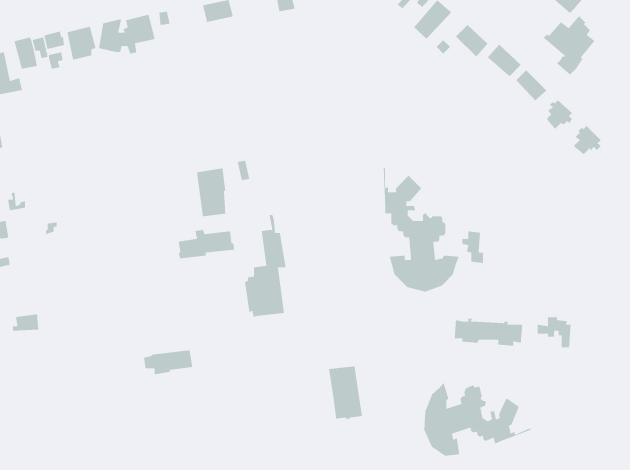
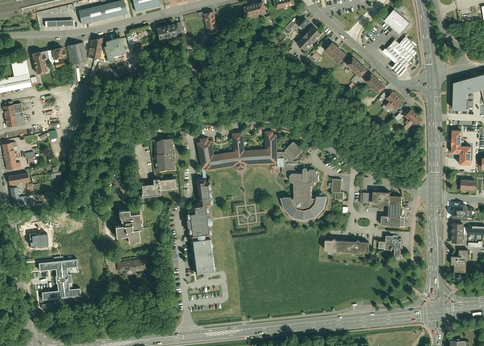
building: none -> [195,130,277,171]
building: none -> [358,191,402,228]
building: none -> [115,211,142,244]
building: none -> [39,260,81,300]
building: [328,365,363,420] -> [193,234,216,270]
building: [423,382,532,457] -> none

